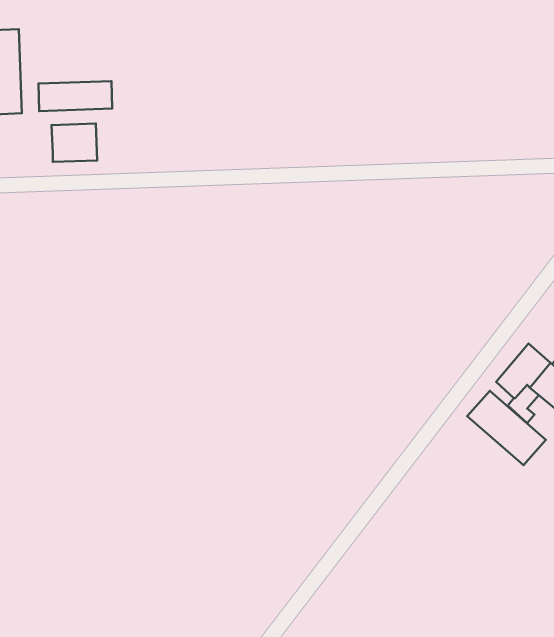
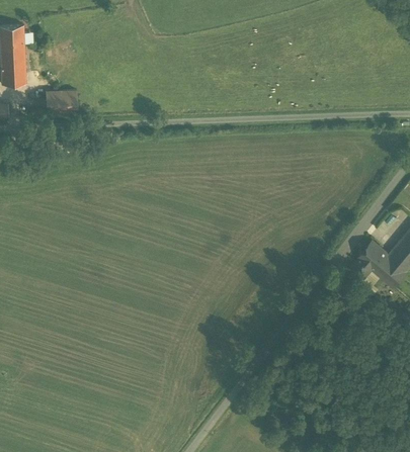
building: [39,81,112,111] -> none
building: [467,391,546,465] -> none

